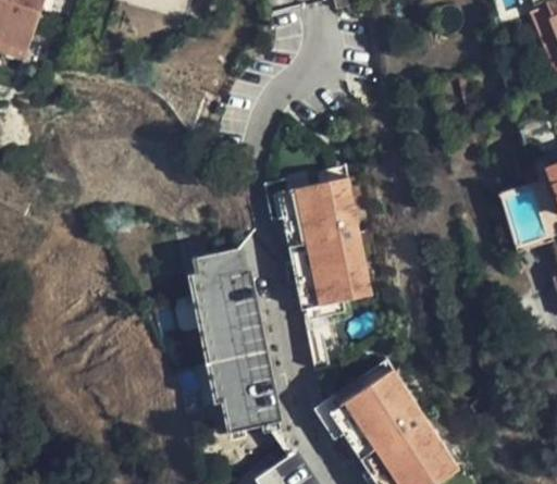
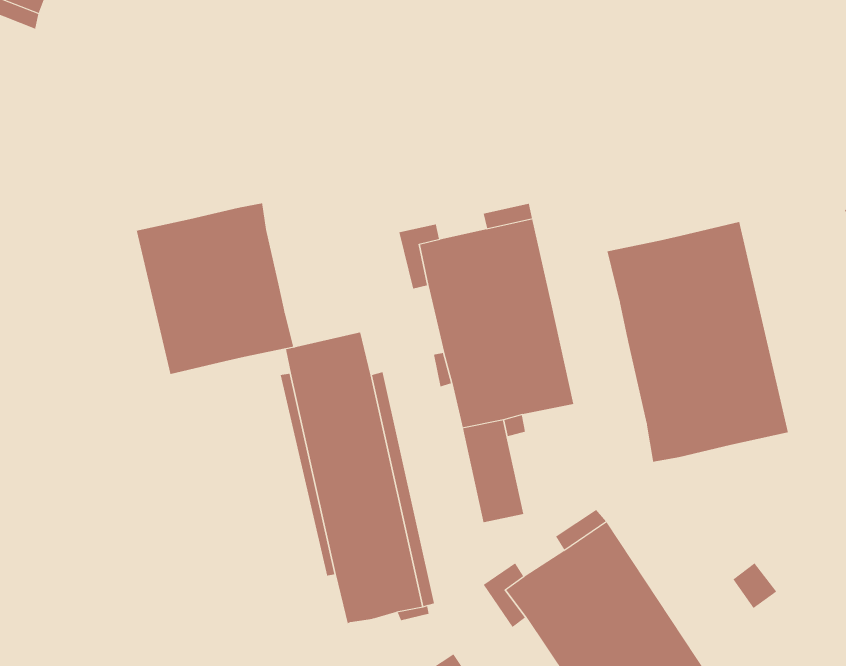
building: none -> [136,203,294,375]
building: none -> [607,221,788,462]

